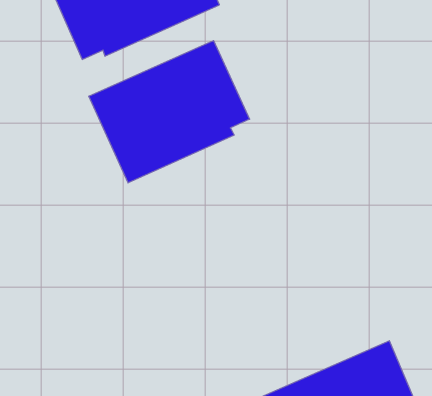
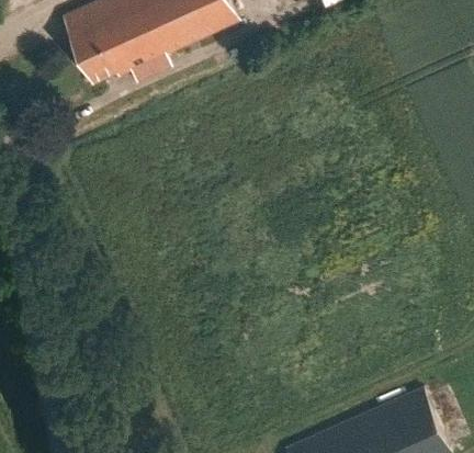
building: [89,41,250,183] -> none

